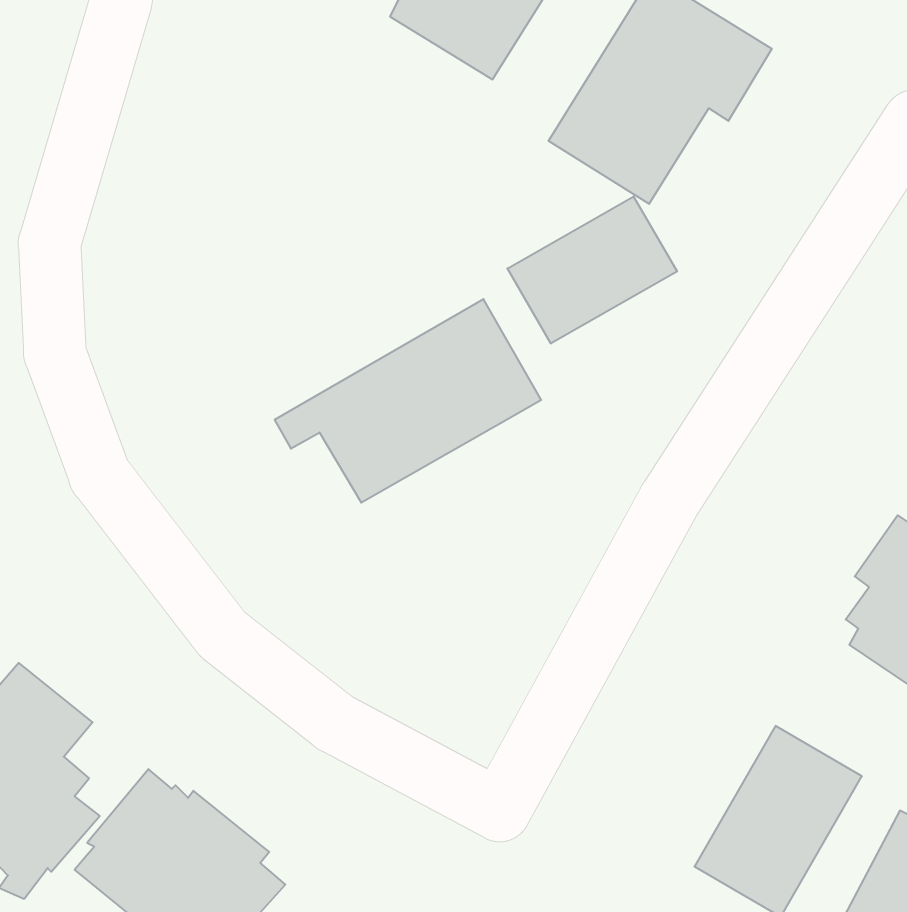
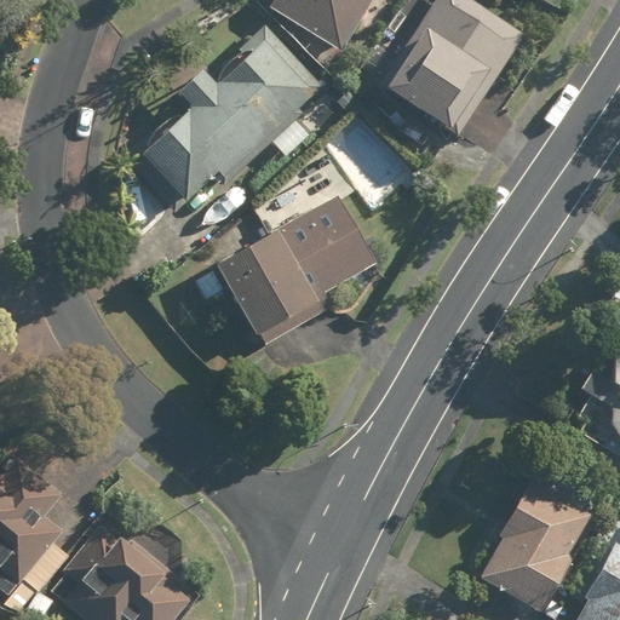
building: none -> [130,28,323,220]
building: [507,196,677,344] -> none

